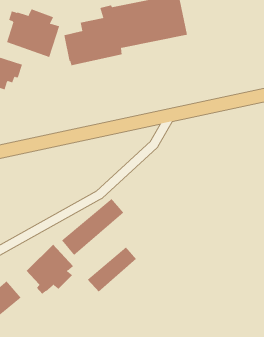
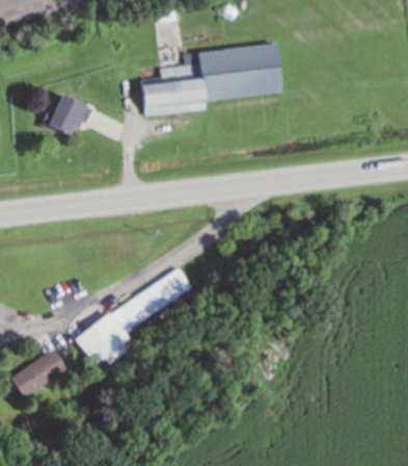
building: [6,9,60,58] -> none
building: [87,246,137,292] -> none

